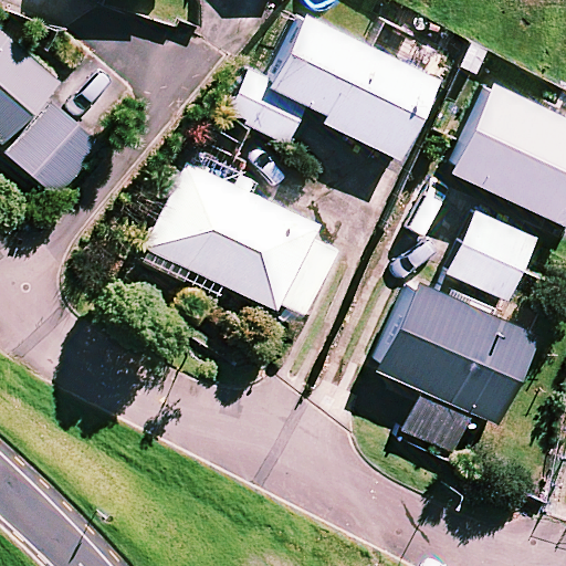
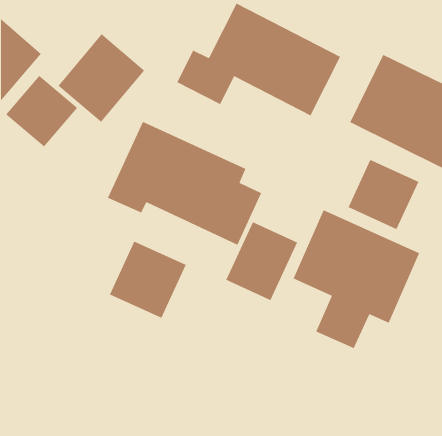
building: none -> [57,33,145,123]
building: none -> [225,221,298,301]
building: none -> [109,241,187,319]

